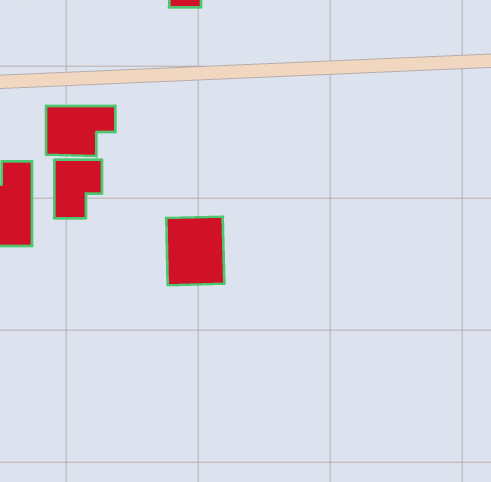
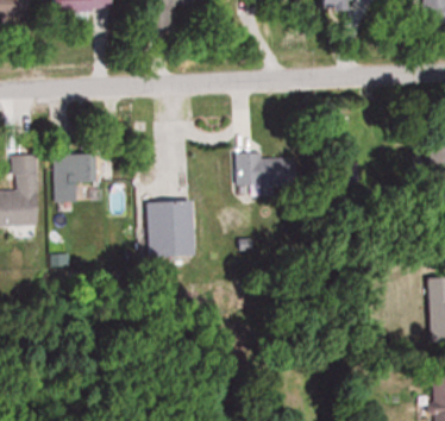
building: [46,106,115,156] -> none
building: none -> [237,152,296,187]

